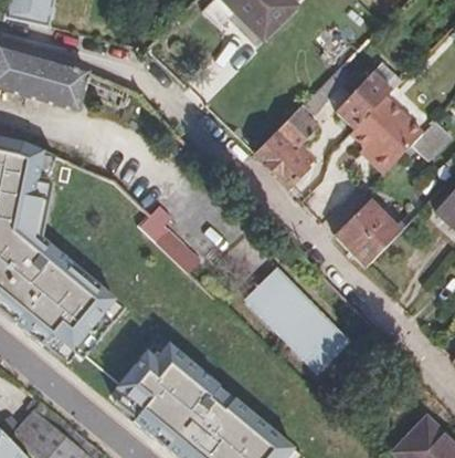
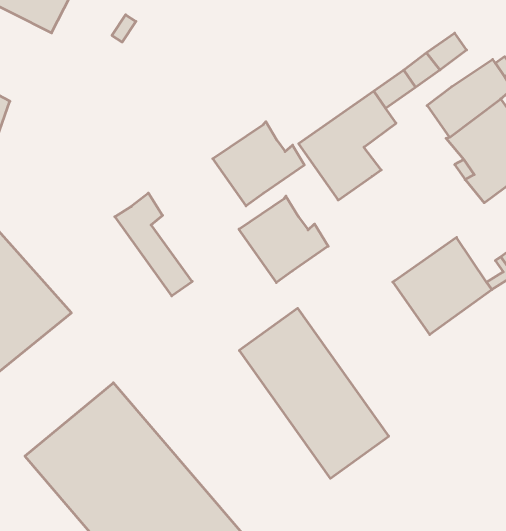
building: none -> [213,122,304,206]
building: none -> [239,196,328,283]

